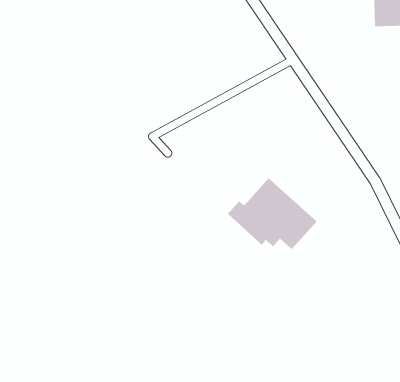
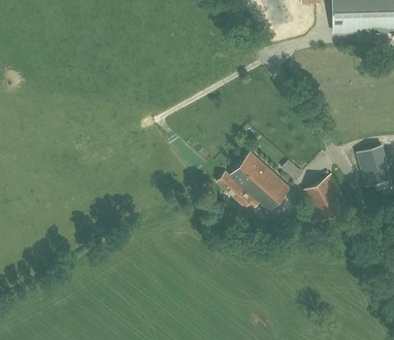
building: none -> [303,173,348,219]

